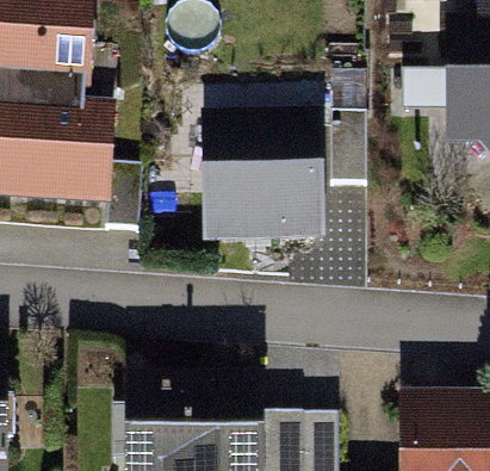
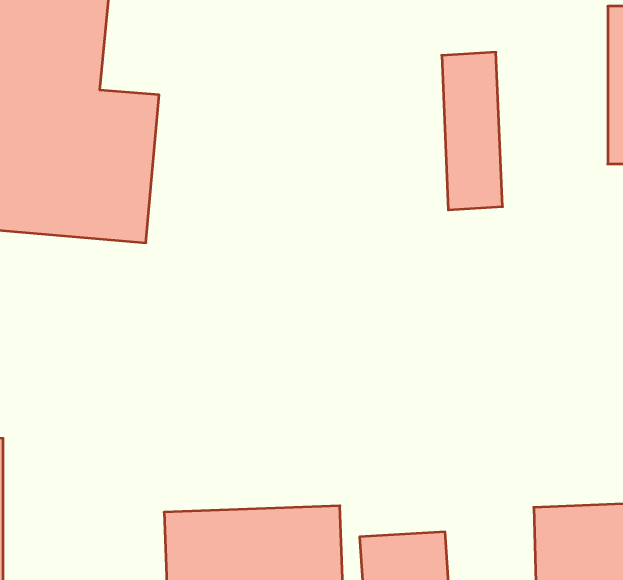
building: [205,113,318,243] -> none

